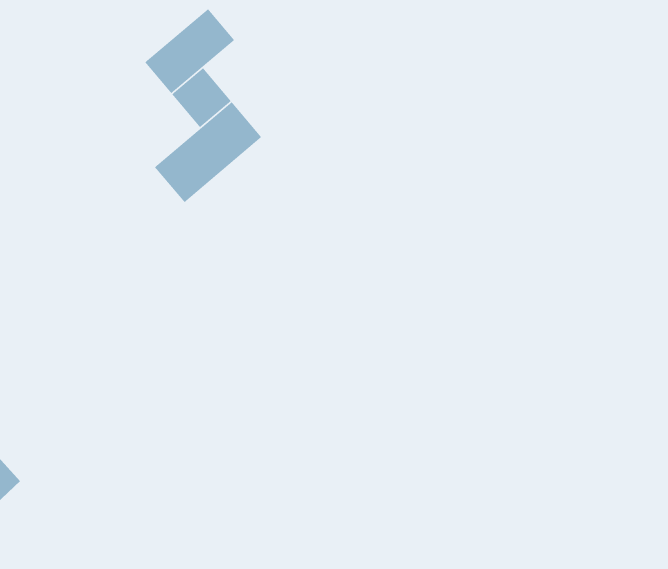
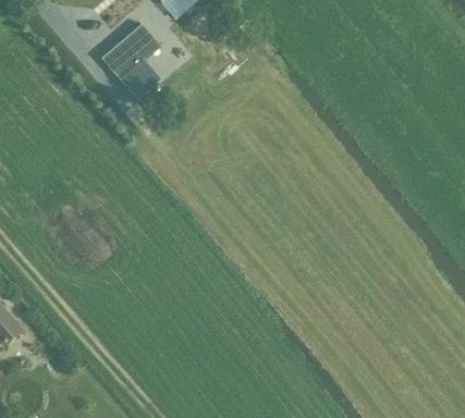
building: [154,101,262,203] -> none

